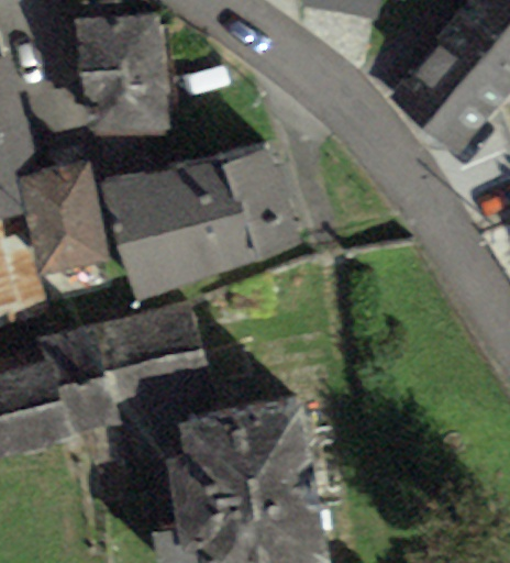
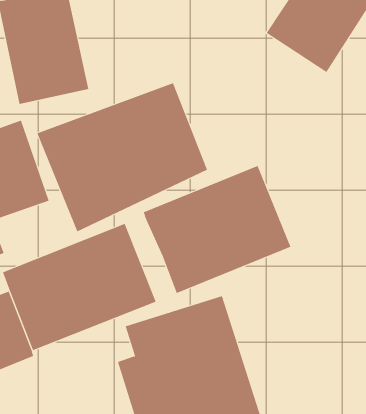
building: none -> [143,165,291,294]

